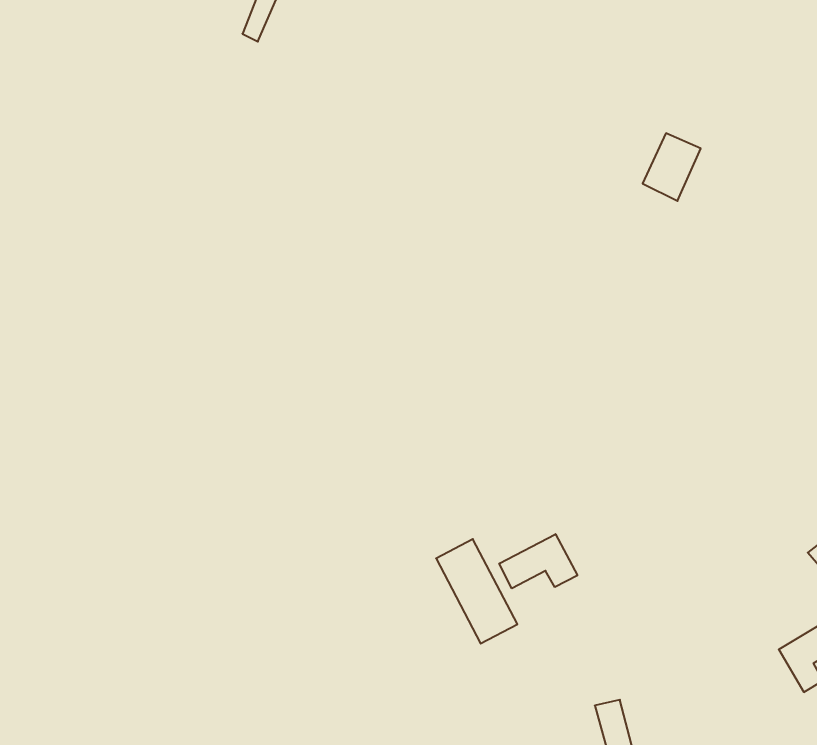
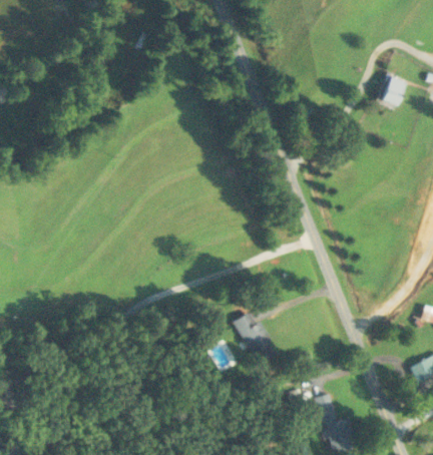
building: [643,133,701,201] -> [376,73,406,108]
building: [499,534,577,588] -> none

